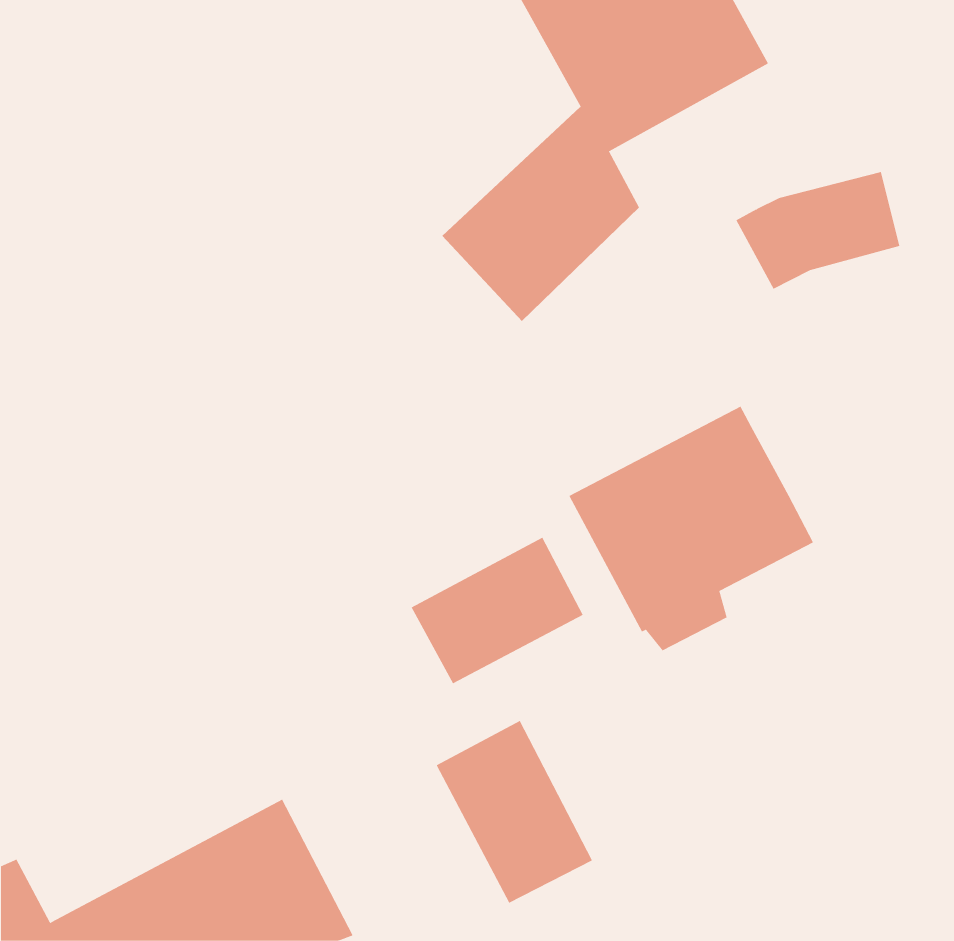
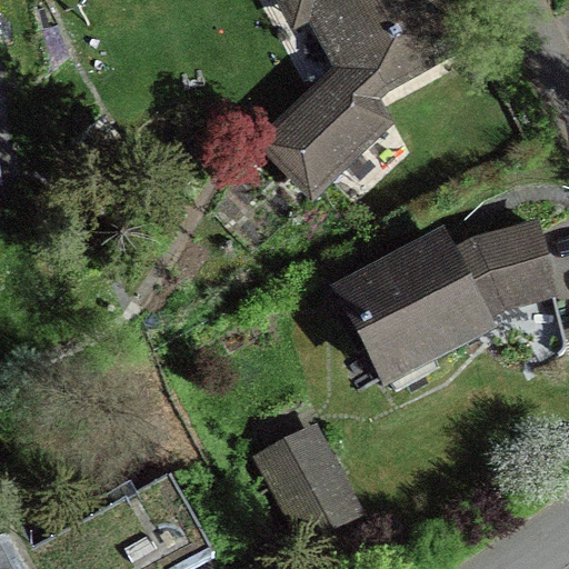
building: [736,171,900,289] -> [448,224,546,295]
building: [411,537,584,684] -> none

